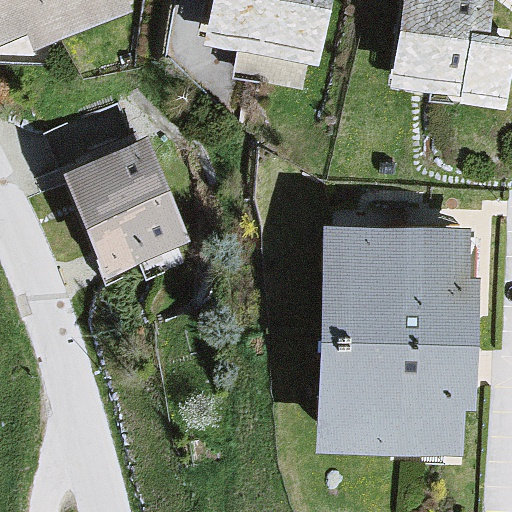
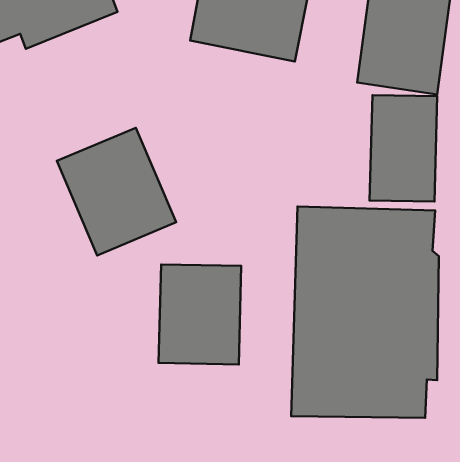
building: none -> [370,95,437,201]
building: none -> [159,264,241,364]

